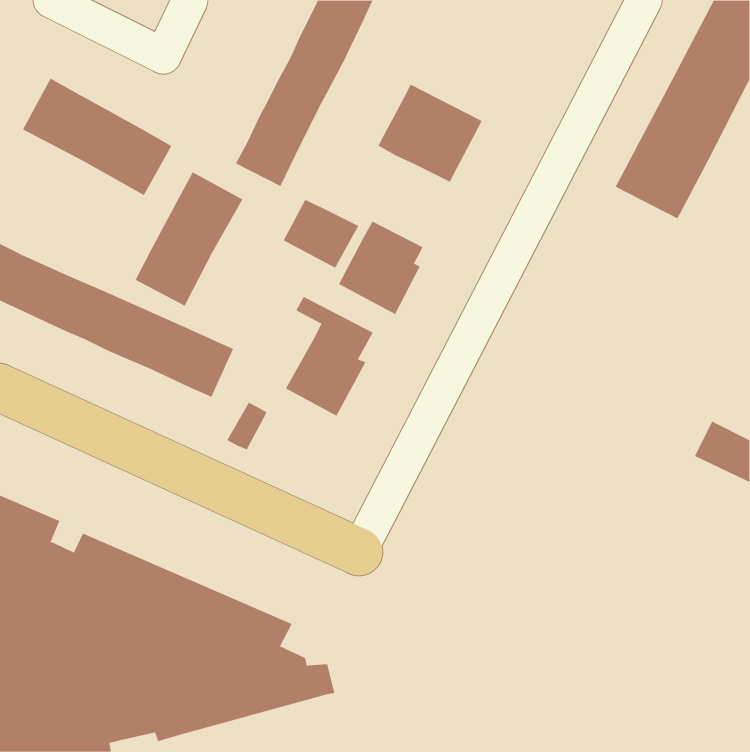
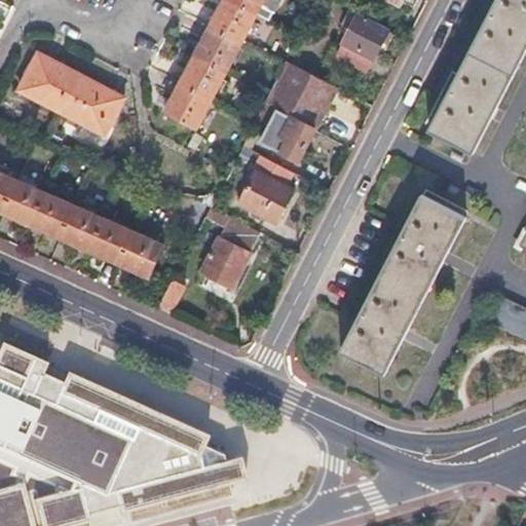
building: none -> [335,11,388,71]
building: [135,171,243,306] -> none
building: [283,199,359,268] -> [261,109,314,157]
building: none -> [340,195,463,374]

